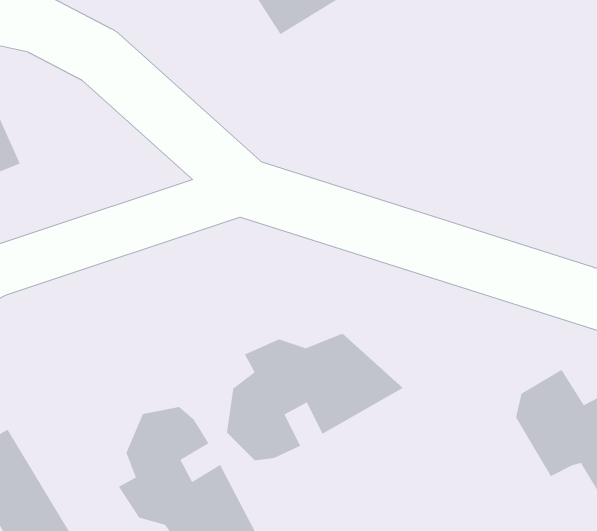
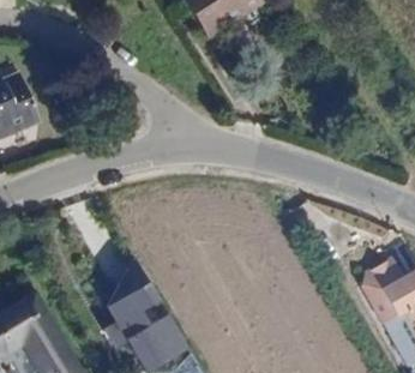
building: [226,333,404,461] -> none

